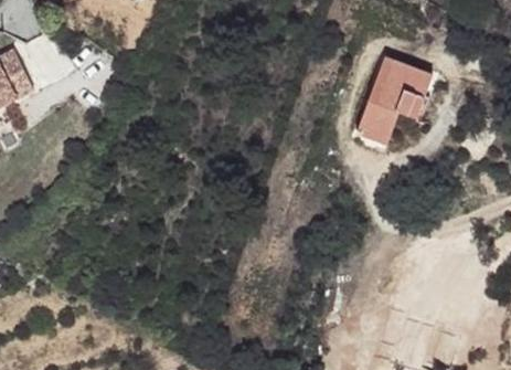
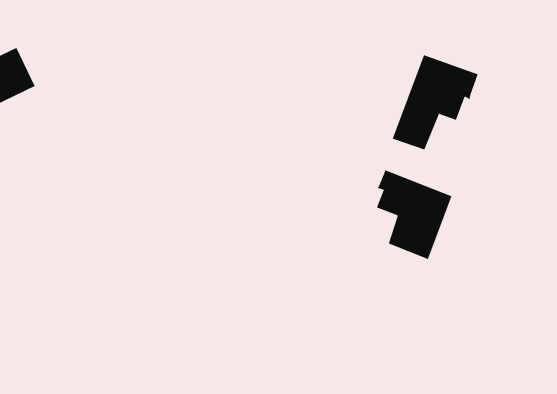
building: none -> [376,170,452,260]

